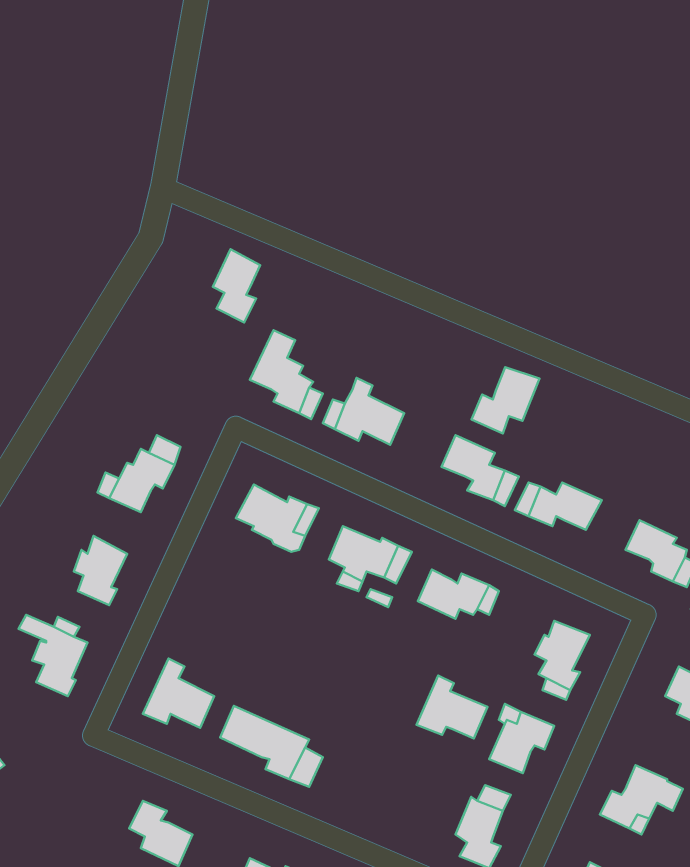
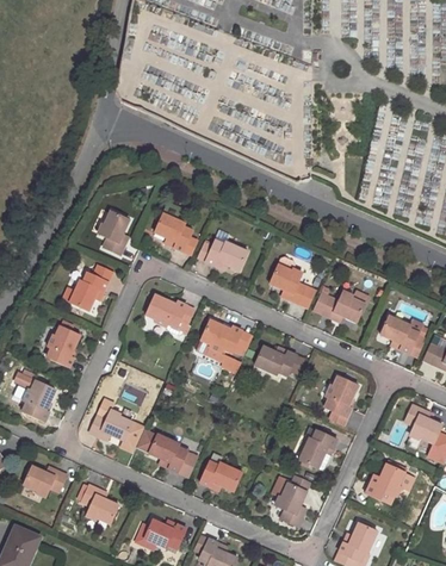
building: [213,249,260,322] -> [99,211,128,255]
building: [471,367,539,434] -> none
building: [416,675,488,739] -> [199,453,242,491]
building: none -> [23,466,66,496]

